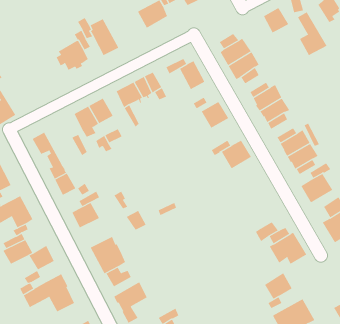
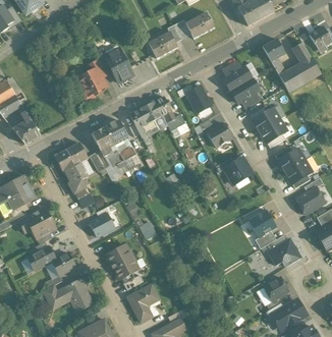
building: none -> [270,58,302,91]
building: none -> [65,142,88,179]
building: none -> [247,209,276,237]

